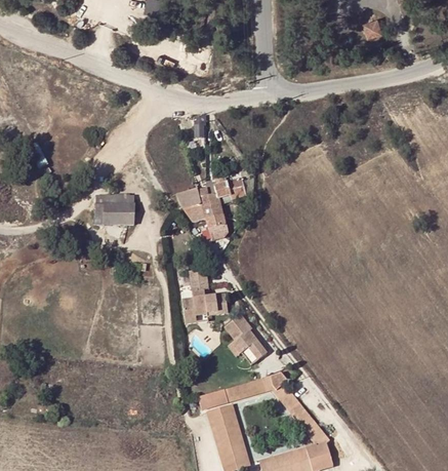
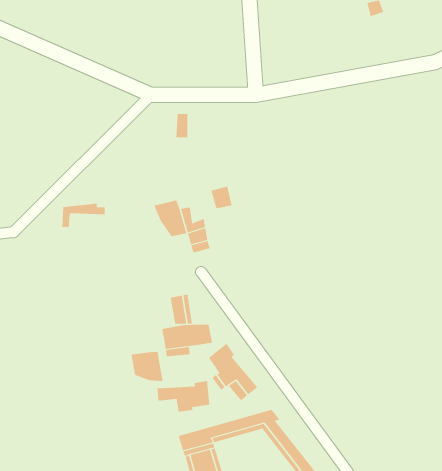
building: [206,181,231,209] -> none
building: [94,201,134,225] -> none
building: none -> [131,351,163,382]
building: none -> [157,380,210,412]

